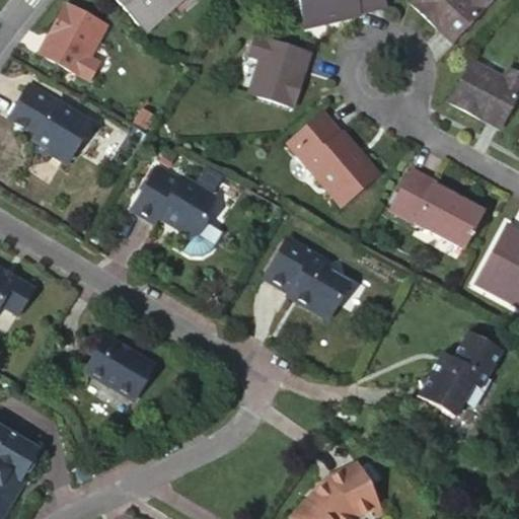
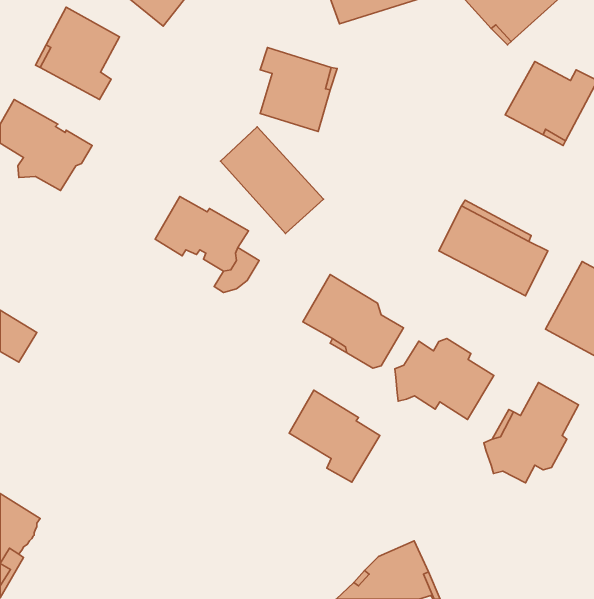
building: [288,119,376,210] -> [221,127,323,233]
building: none -> [395,339,494,419]
building: [90,332,159,396] -> none
building: none -> [289,390,380,482]

